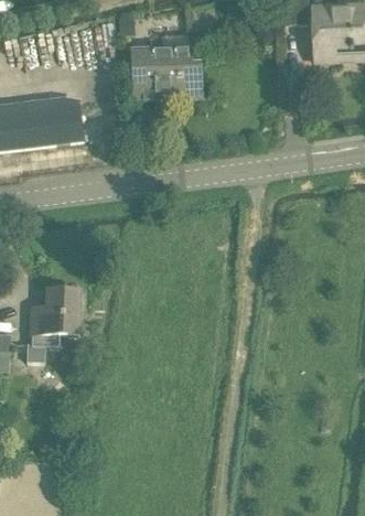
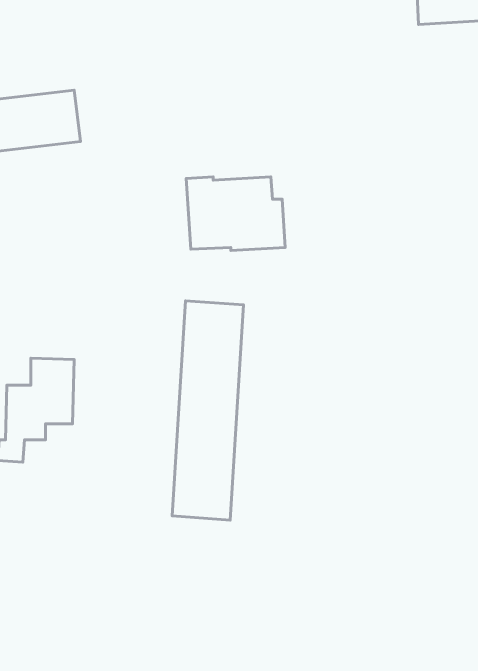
building: [132,47,201,98] -> [186,177,285,251]
building: none -> [172,301,244,520]

